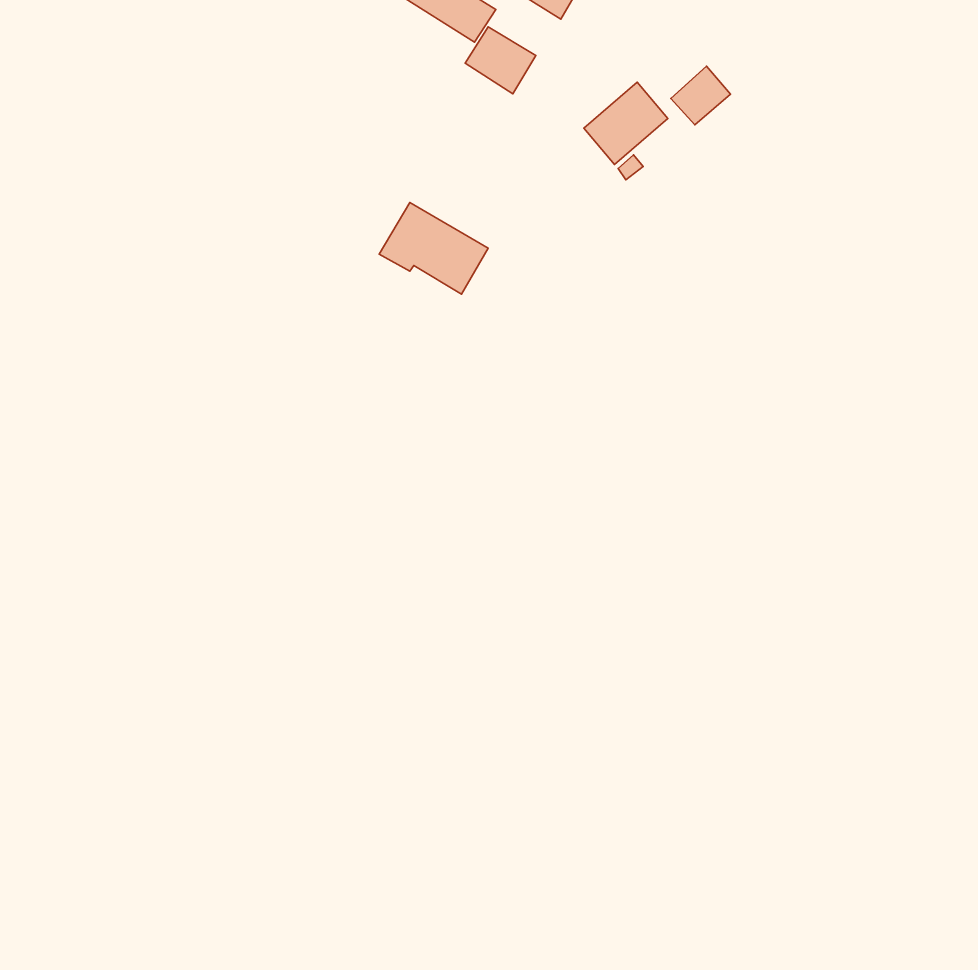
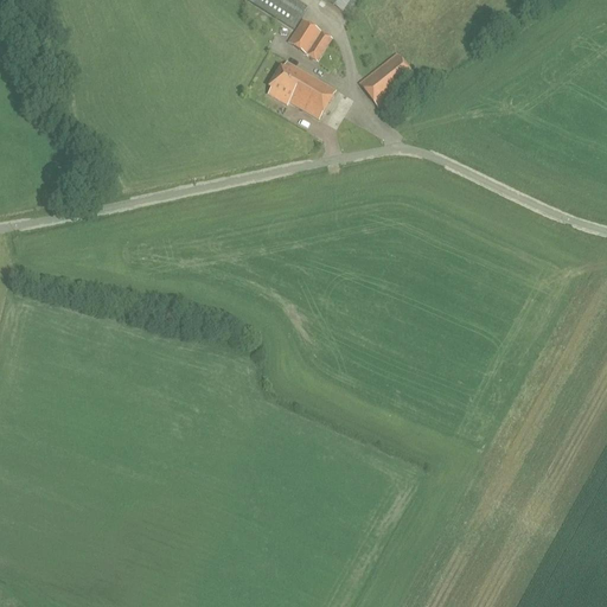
building: [671,66,731,125] -> none
building: [379,202,488,294] -> [268,59,336,116]

